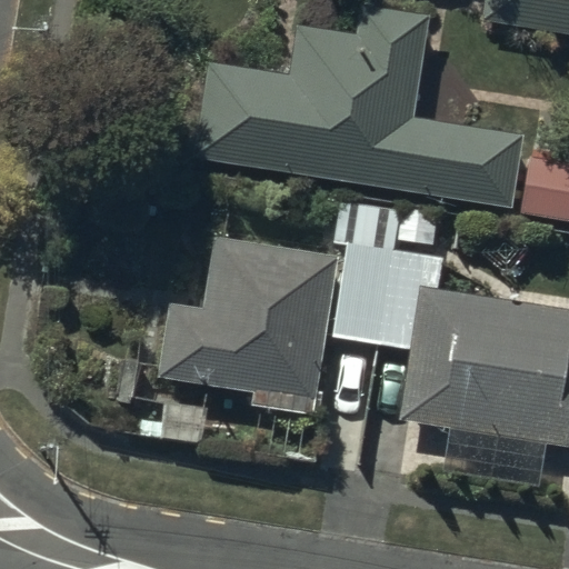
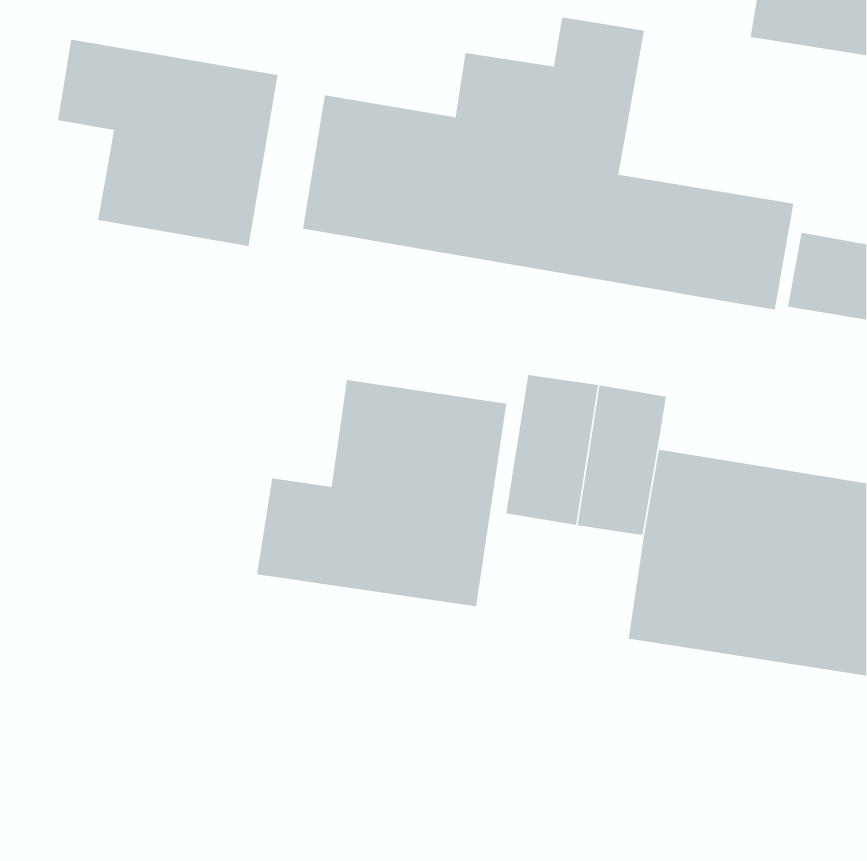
building: none -> [58,39,278,247]

